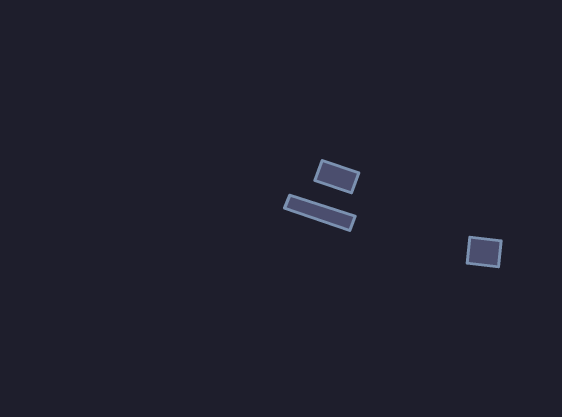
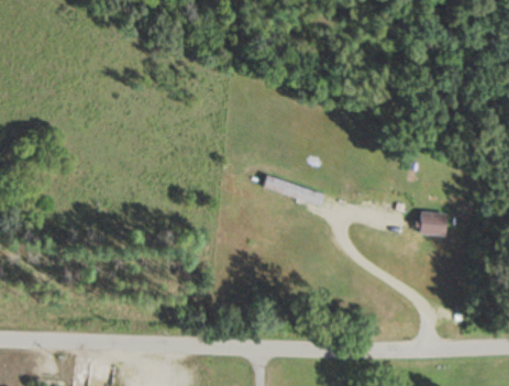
building: [315,161,359,193] -> none

